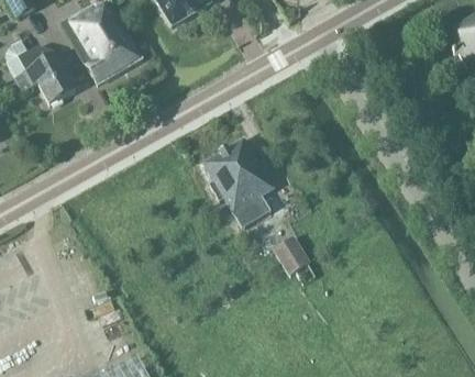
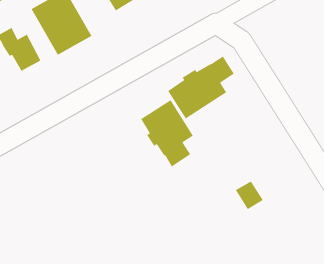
building: none -> [167,55,235,120]
building: [273,236,310,275] -> [235,180,264,210]

